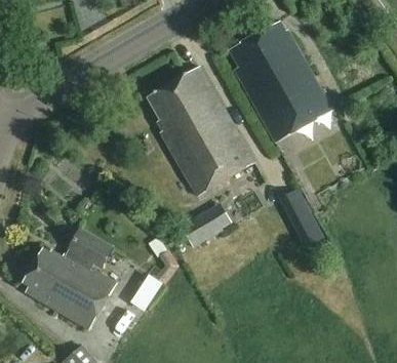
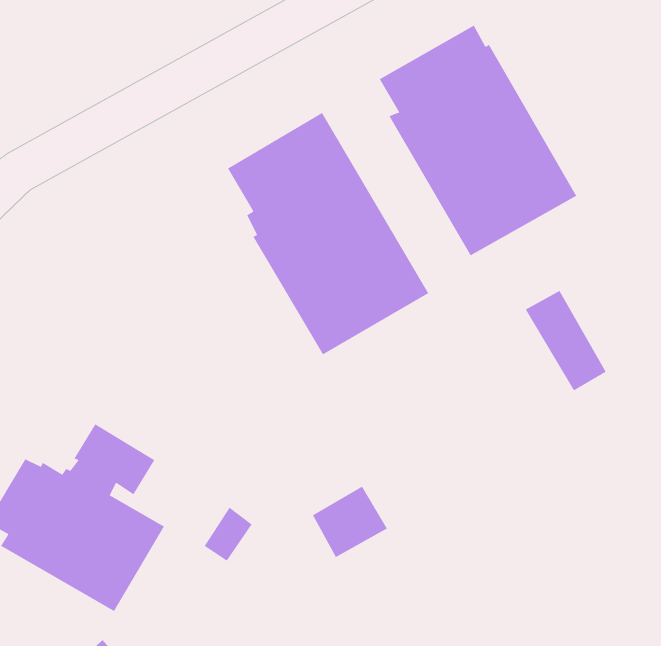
building: [279,189,322,242] -> [525,290,607,391]
building: [181,209,221,247] -> [312,486,388,558]

